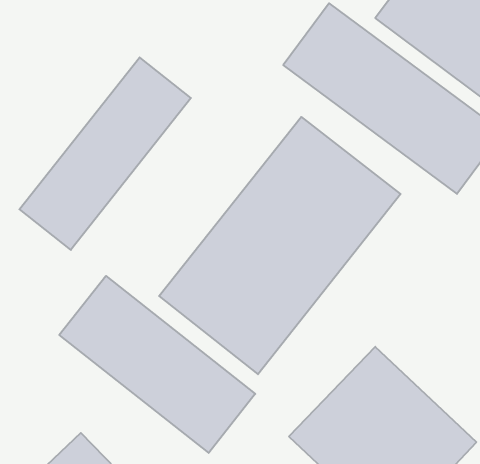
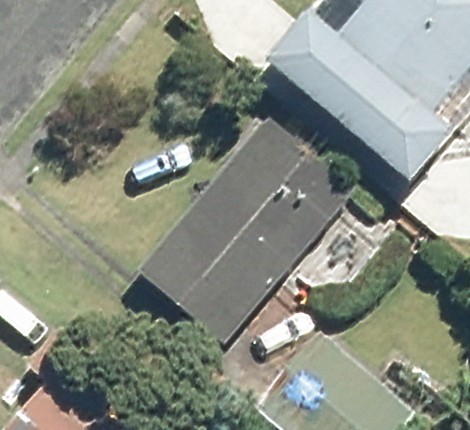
building: [19,57,191,250] -> none
building: [59,276,255,453] -> none

